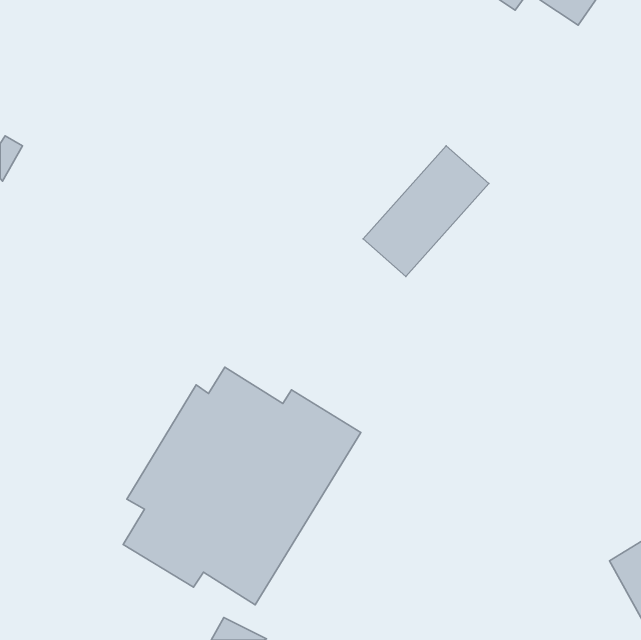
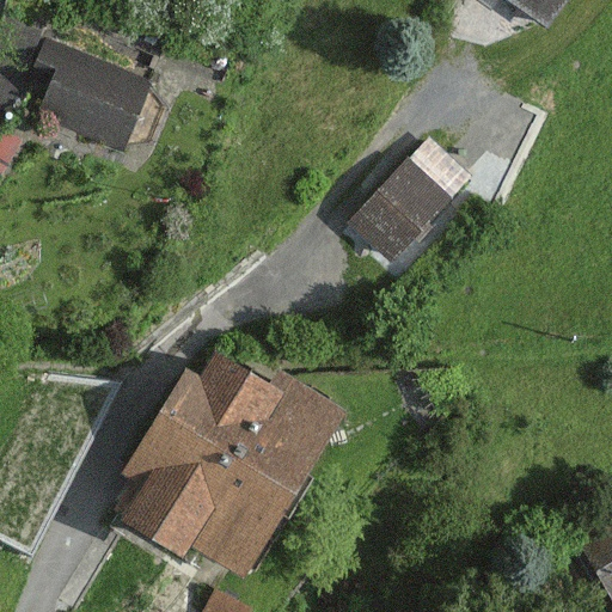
building: none -> [38,37,153,151]

